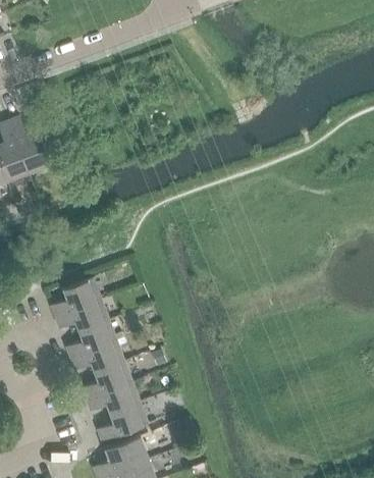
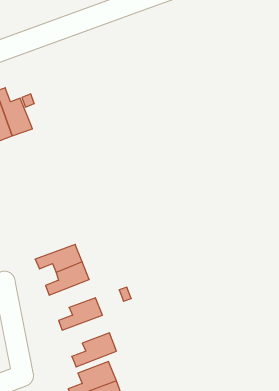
building: [49,278,100,317] -> none
building: [69,340,123,373] -> none
building: [85,382,140,415] -> none

